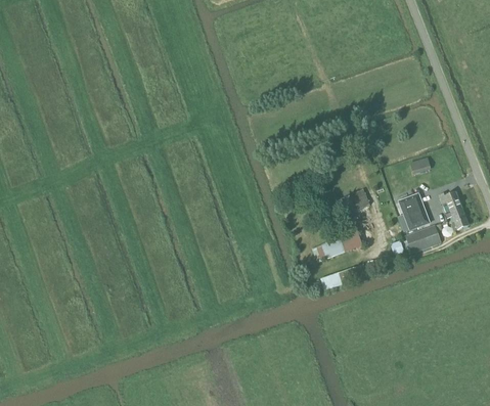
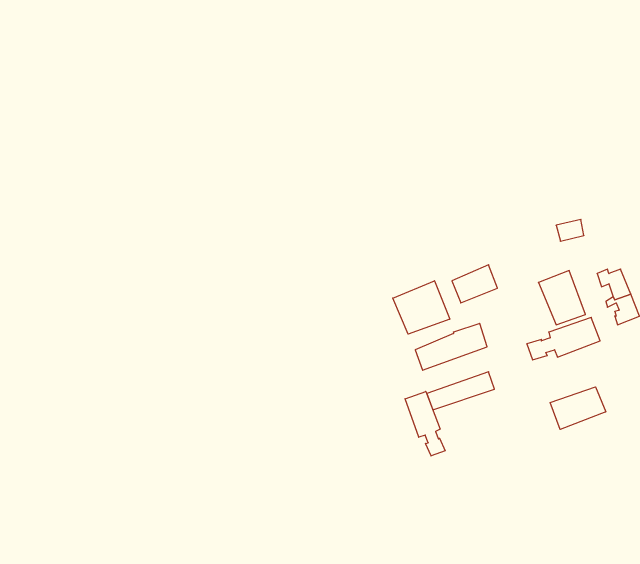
building: none -> [393,281,450,334]
building: none -> [550,387,606,429]
building: none -> [405,391,445,456]

